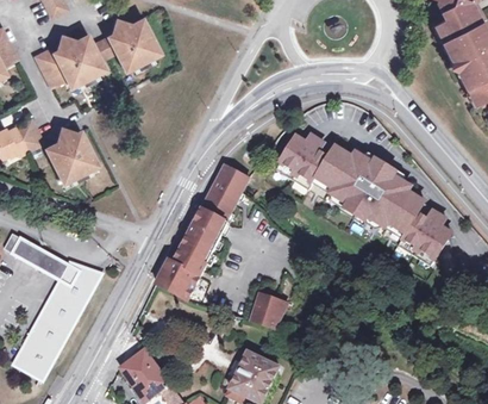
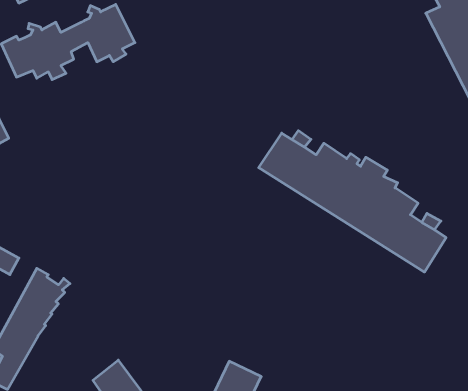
building: [46,126,98,182] -> none
building: [157,164,250,300] -> none
building: [254,294,290,331] -> none

